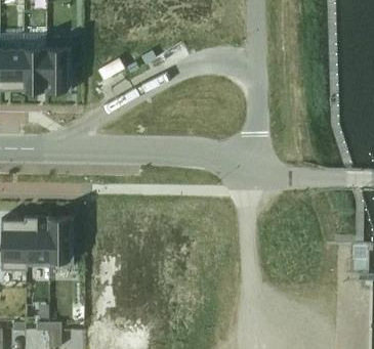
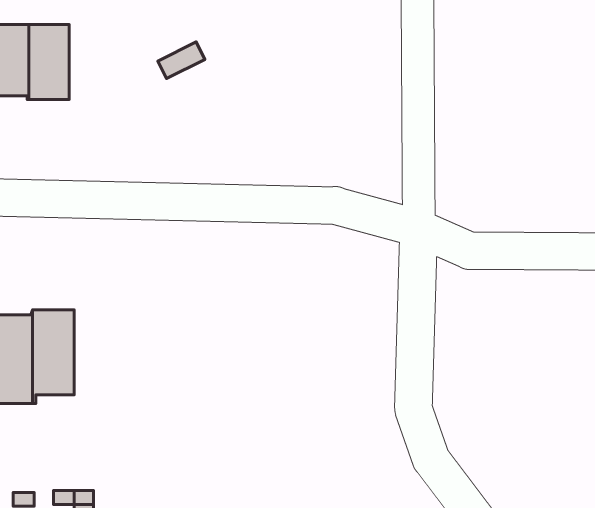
building: [44,48,69,92] -> none
building: [47,217,71,266] -> none

